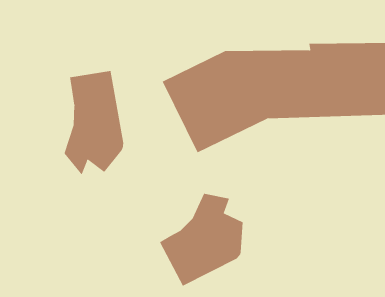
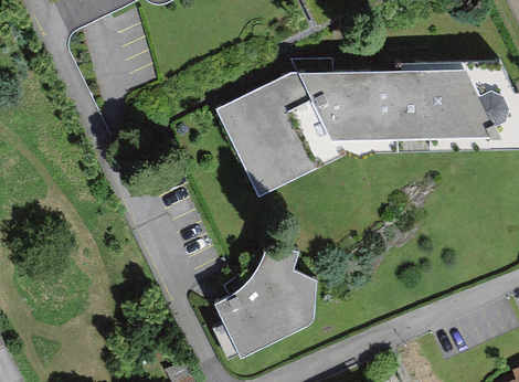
building: [64,70,124,175] -> none

